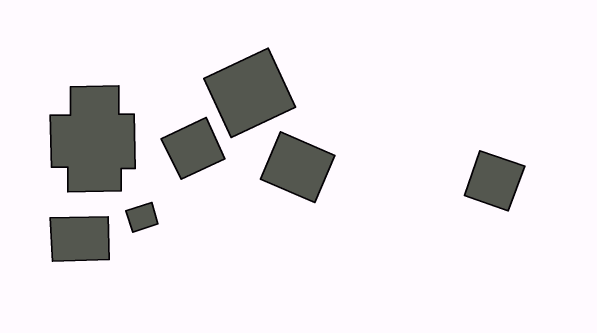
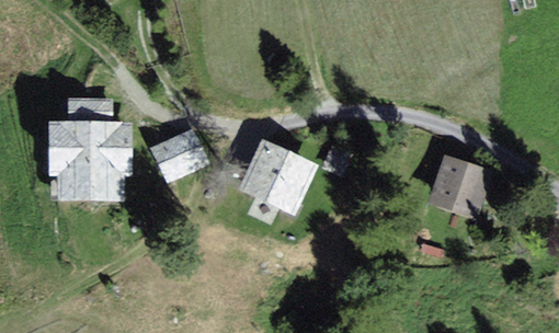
building: [204,48,295,138] -> none
building: [50,217,109,261] -> none

